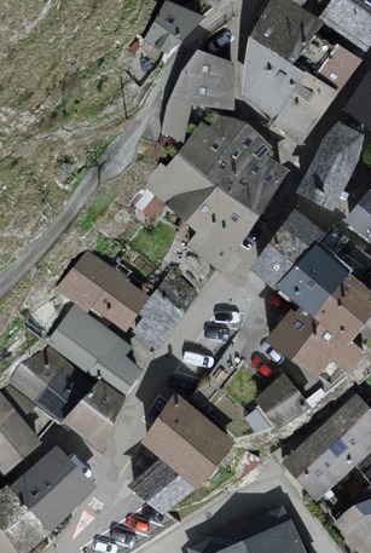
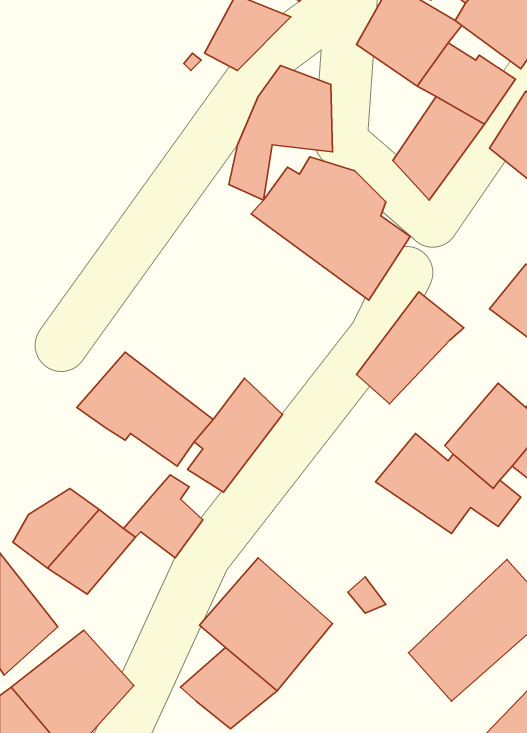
building: [245,35,306,116] -> none
building: [298,121,361,209] -> none
building: [145,154,259,272] -> none
building: [273,242,349,316] -> none
building: [46,304,120,374] -> none
building: [254,373,311,431] -> none
building: [62,376,123,450] -> none

